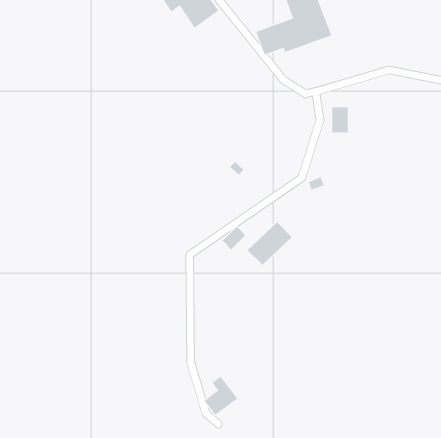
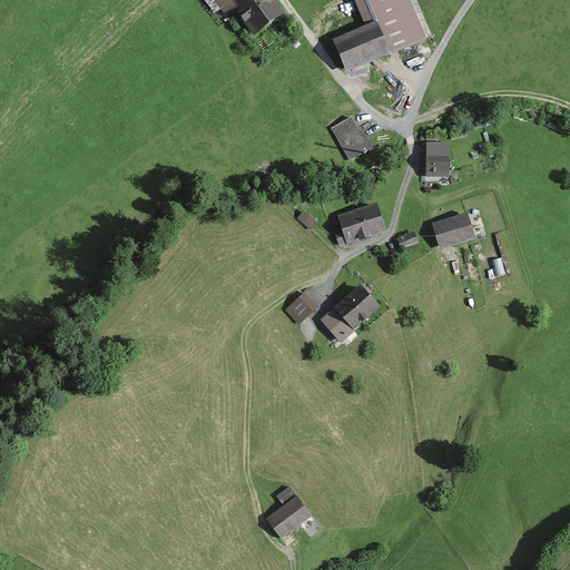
building: none -> [333,115,373,158]
building: none -> [335,199,385,243]
building: none -> [433,208,476,246]

